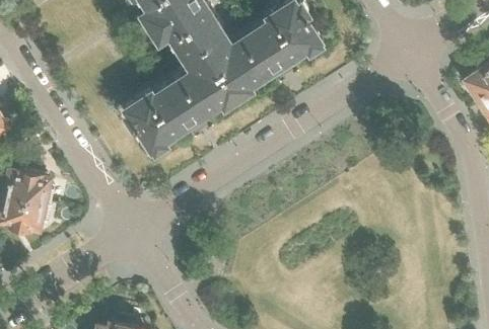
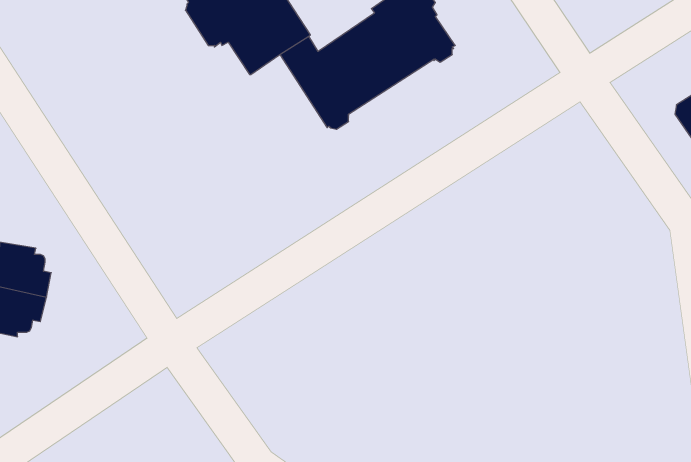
building: [124,47,236,152] -> none

